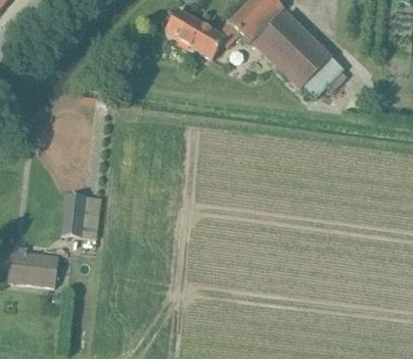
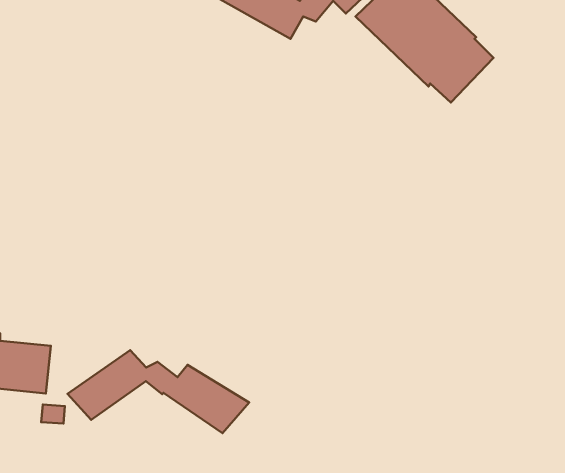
building: [61,193,100,237] -> none
building: none -> [67,350,249,433]

